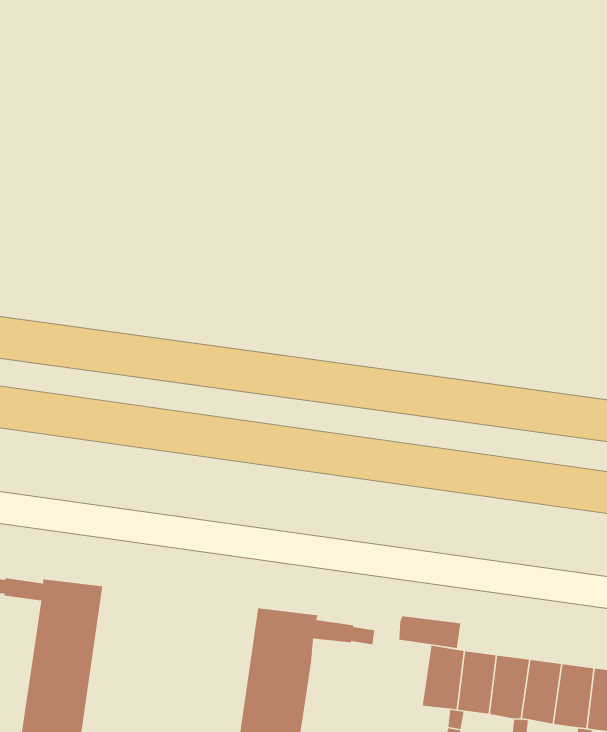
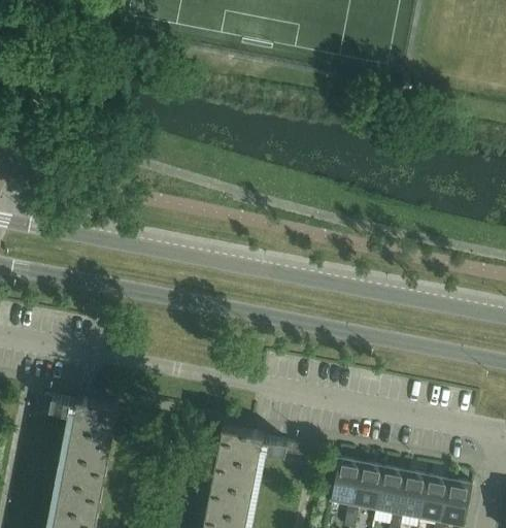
building: [399,616,461,649] -> none

